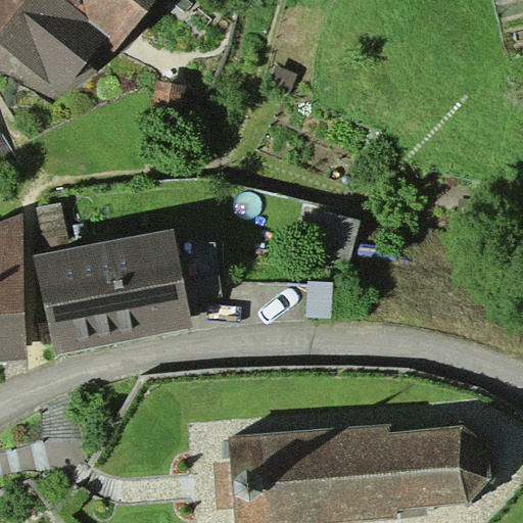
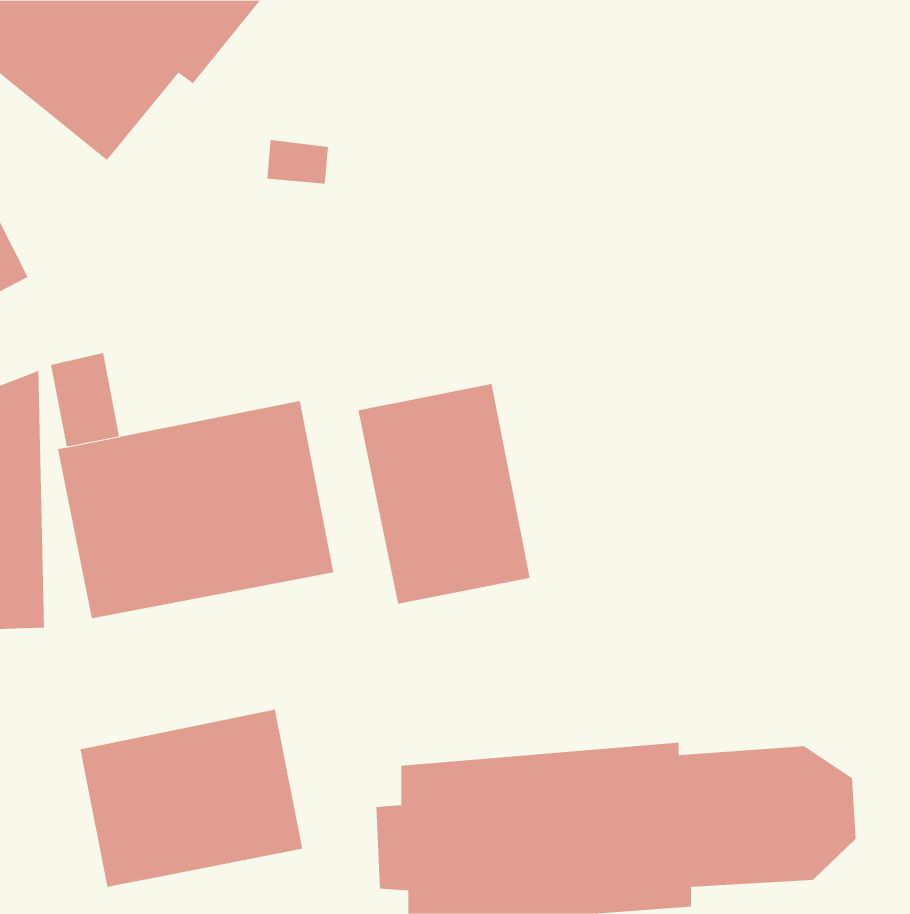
building: none -> [358,383,530,605]
building: none -> [80,709,303,888]

